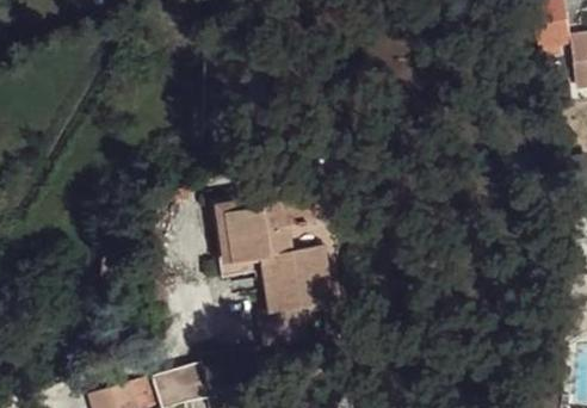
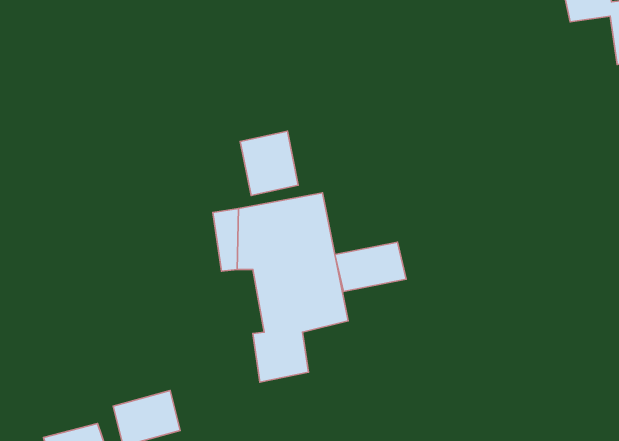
building: none -> [240,131,298,195]
building: none -> [335,242,406,292]

